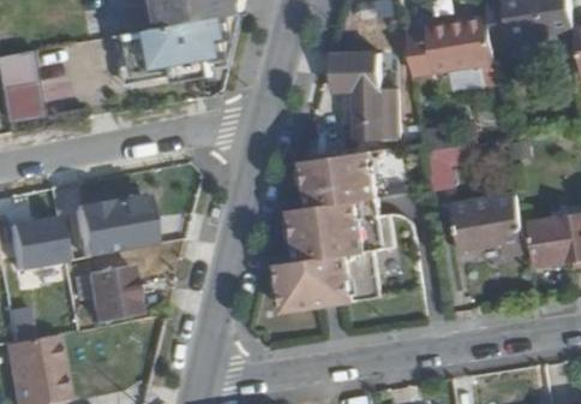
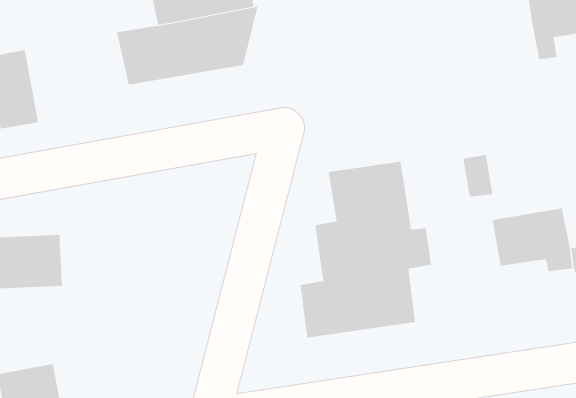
building: [407,22,497,87] -> none
building: [331,53,395,142] -> none
building: [74,197,154,251] -> none
building: [82,266,134,322] -> none

